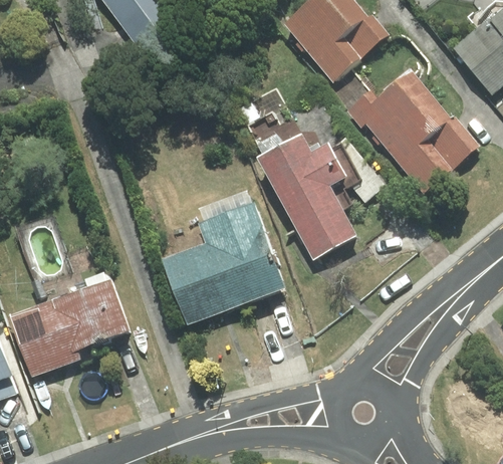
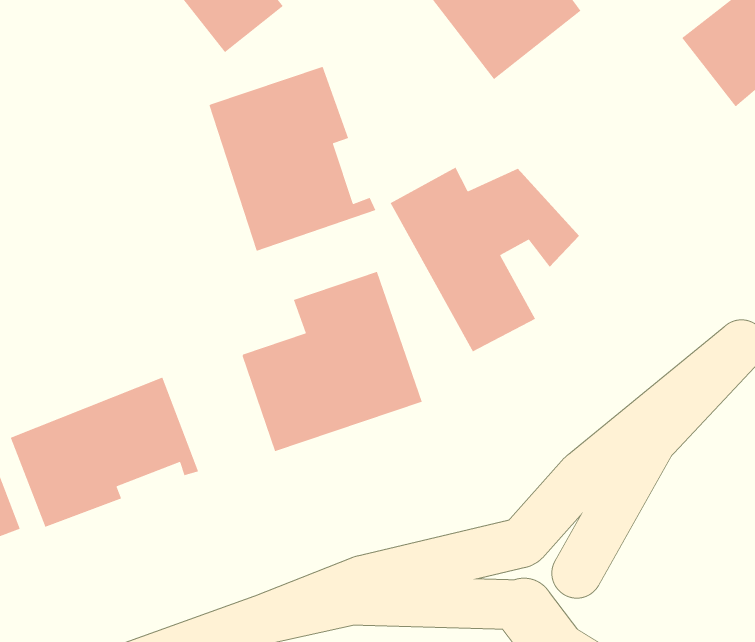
building: none -> [209,66,376,252]
building: [343,71,482,195] -> none

